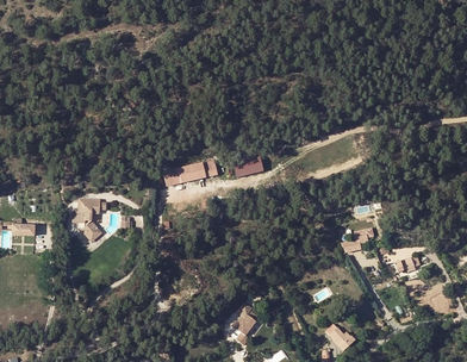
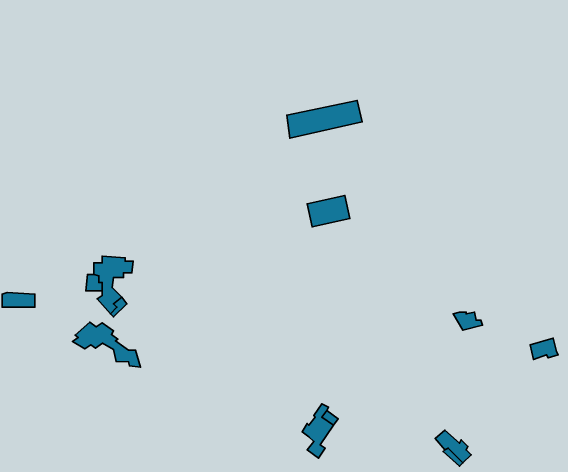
building: [164,158,219,186] -> [287,101,362,138]
building: none -> [72,322,141,367]

